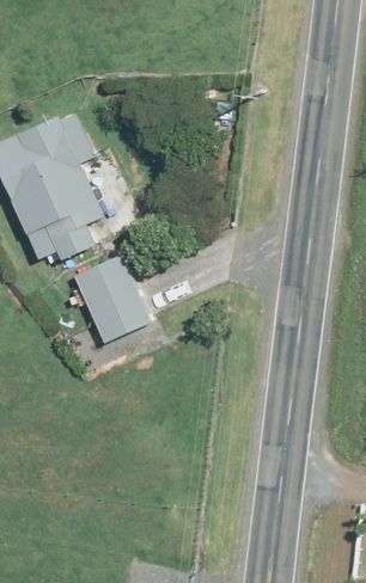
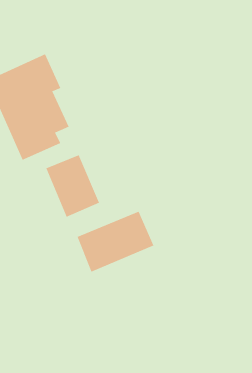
building: none -> [77,211,154,273]

